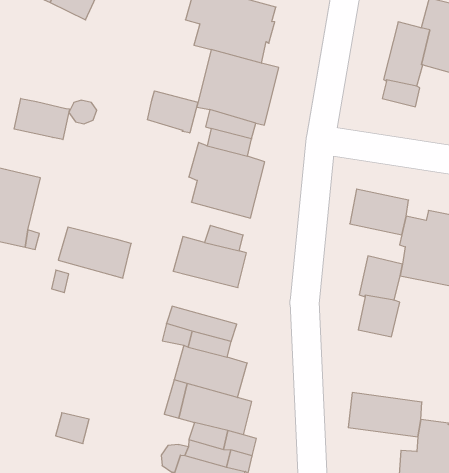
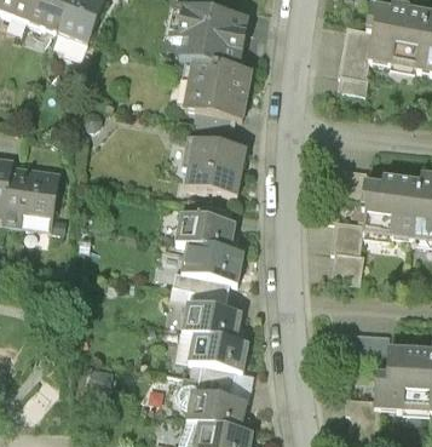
building: [147,91,198,133] -> none
building: [14,98,69,140] -> none
building: [58,227,131,278] -> [183,252,242,291]

